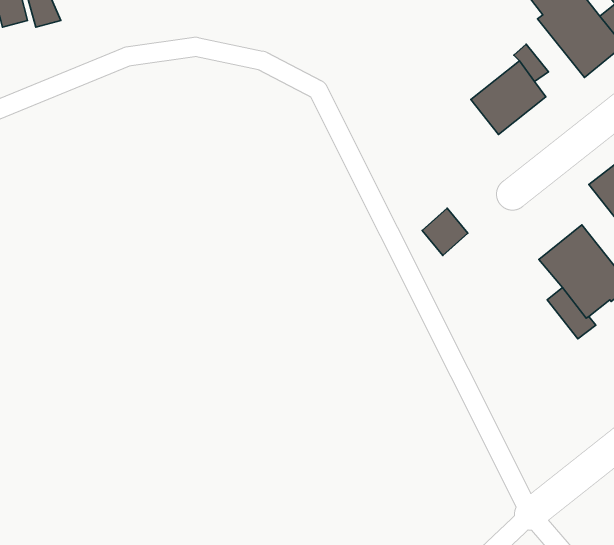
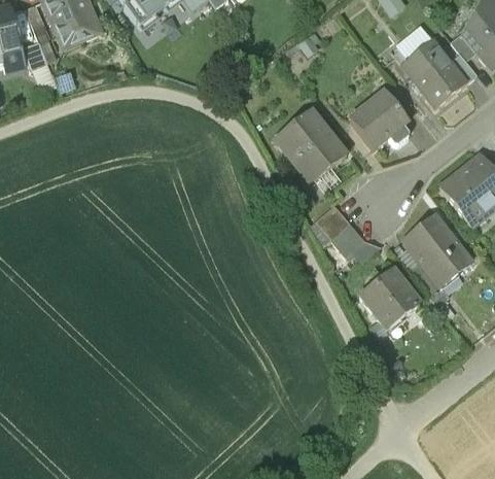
building: none -> [273,108,347,179]
building: none -> [332,221,366,254]
building: none -> [360,271,421,324]

